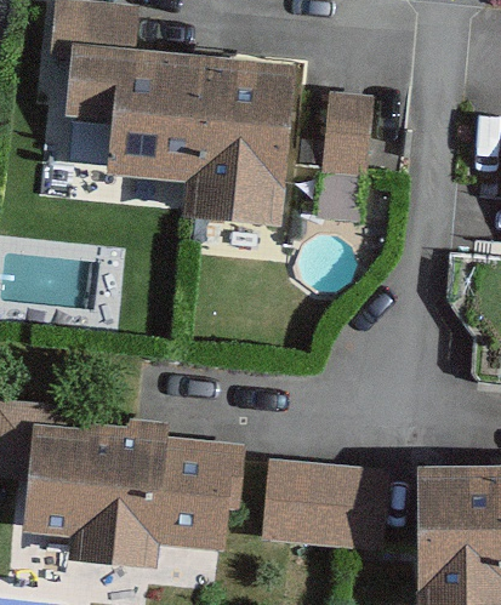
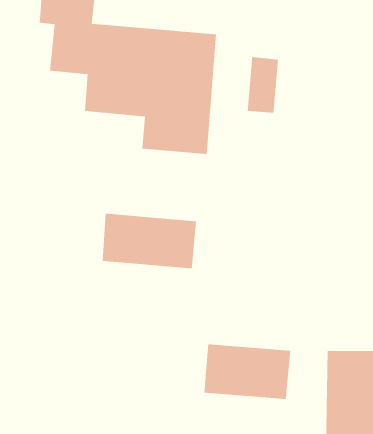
building: none -> [102,213,196,269]
building: [28,435,224,565] -> none

